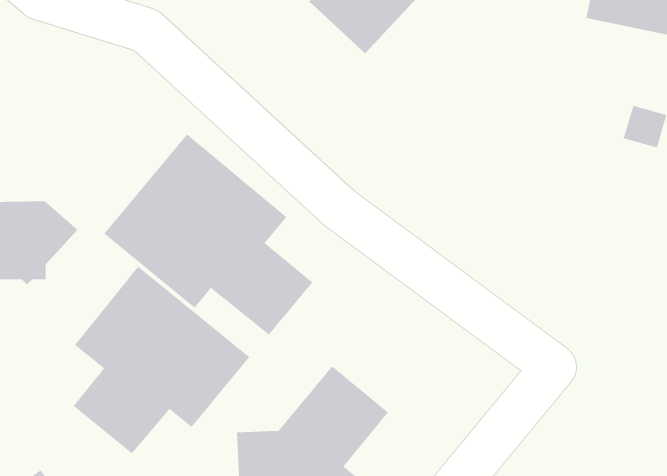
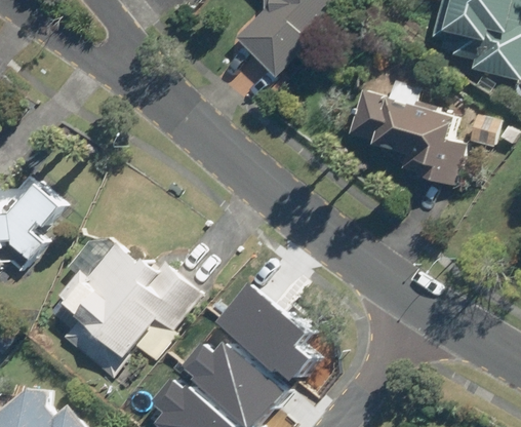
building: none -> [348,88,466,172]
building: [104,133,313,336] -> none

